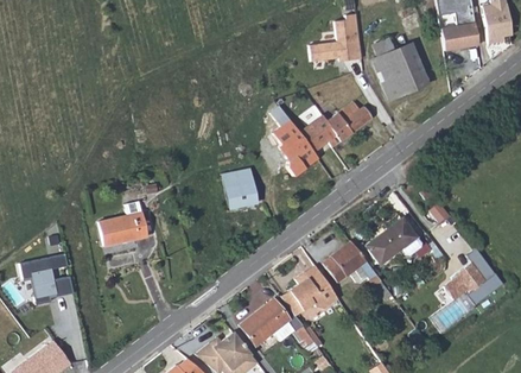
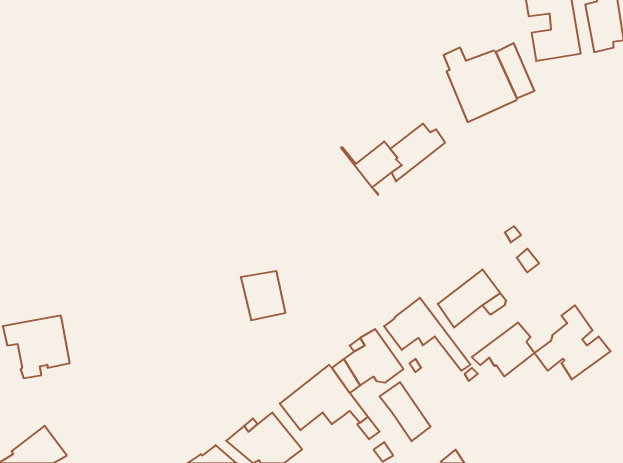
building: [309,12,362,59] -> none
building: [265,120,318,177] -> none
building: [221,170,256,209] -> [241,271,285,320]
building: [99,201,146,247] -> none
building: none -> [472,322,535,376]
building: none -> [380,382,431,441]

